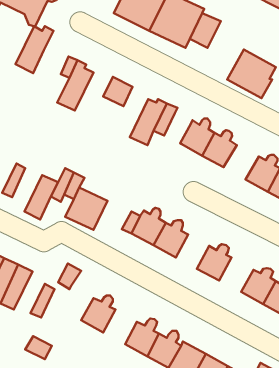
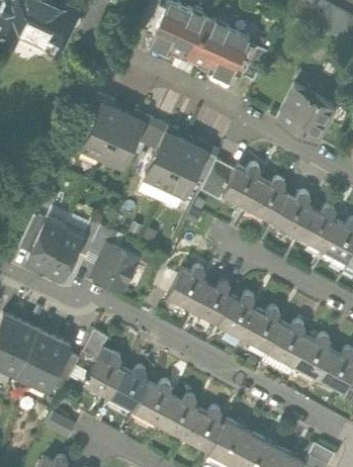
building: [15,26,54,73] -> [102,111,146,165]
building: none -> [145,127,186,185]
building: none -> [201,158,235,200]
building: none -> [272,191,313,234]
building: none -> [26,217,66,270]
building: none -> [217,293,256,336]
building: none -> [267,320,306,362]
building: none -> [32,339,71,390]
building: none -> [83,352,123,394]
building: none -> [135,379,173,422]

